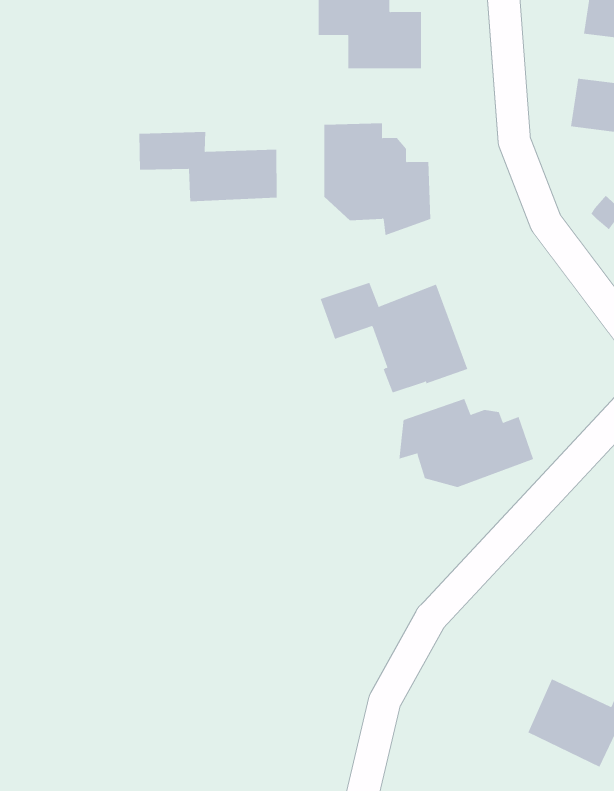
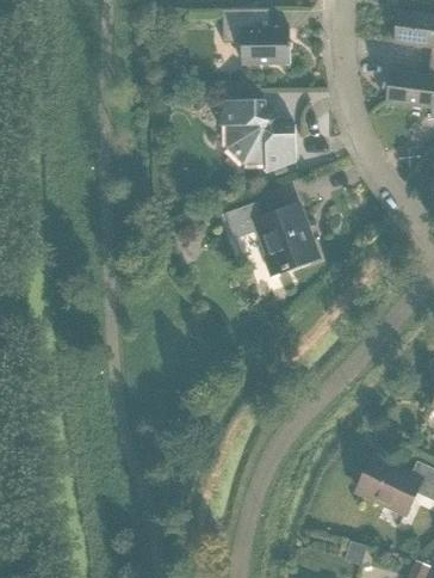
building: [139,131,277,202] -> none
building: [399,398,534,488] -> none

